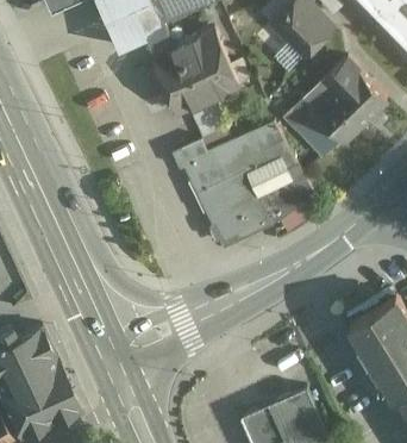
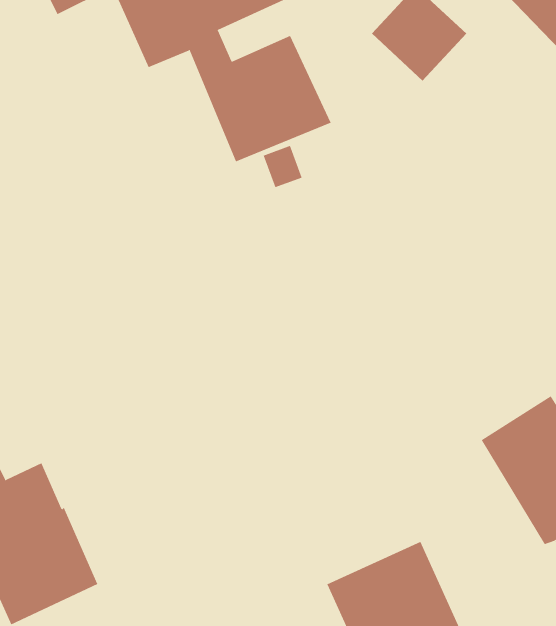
building: [281,61,382,160] -> none
building: [170,120,313,249] -> none

